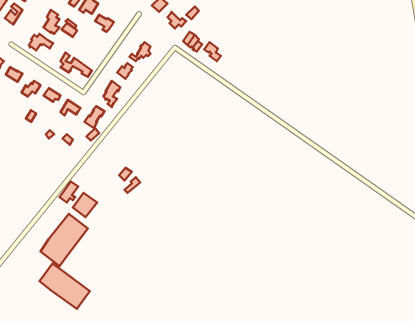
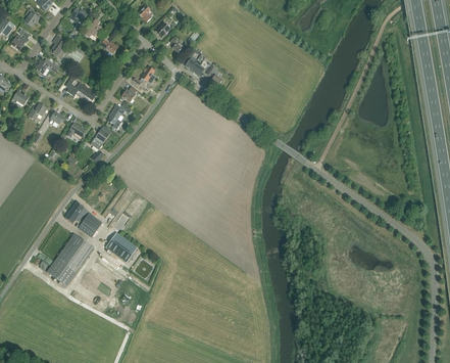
building: none -> [106,231,138,262]
building: [40,263,90,309] -> none

